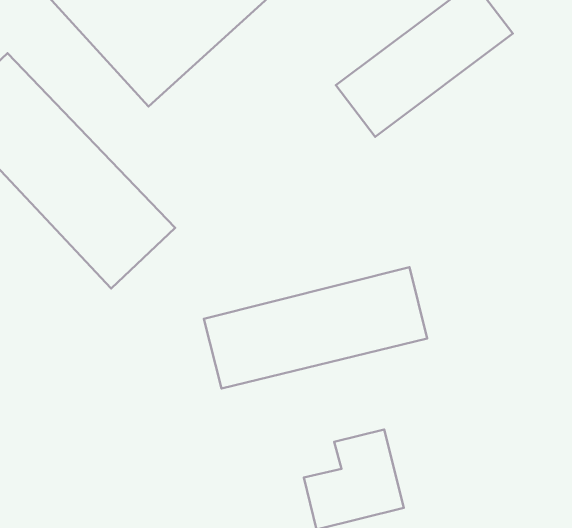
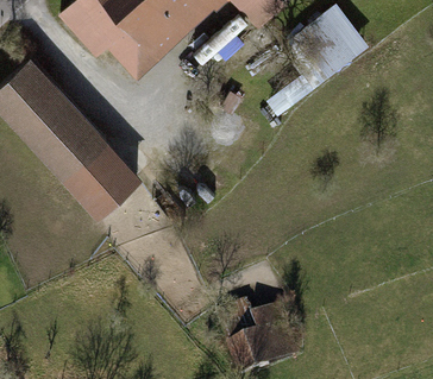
building: [204,267,427,388] -> none

